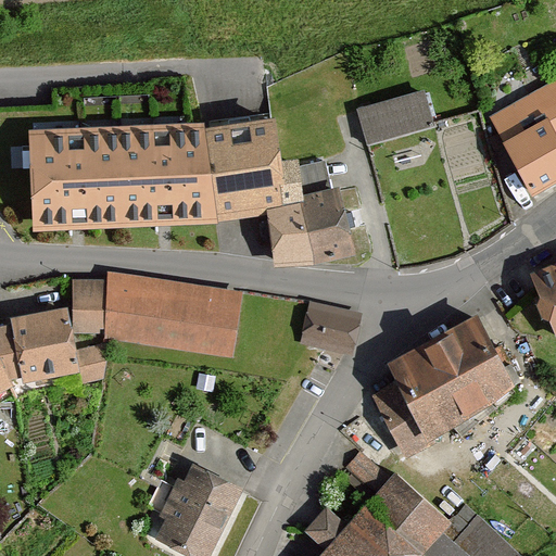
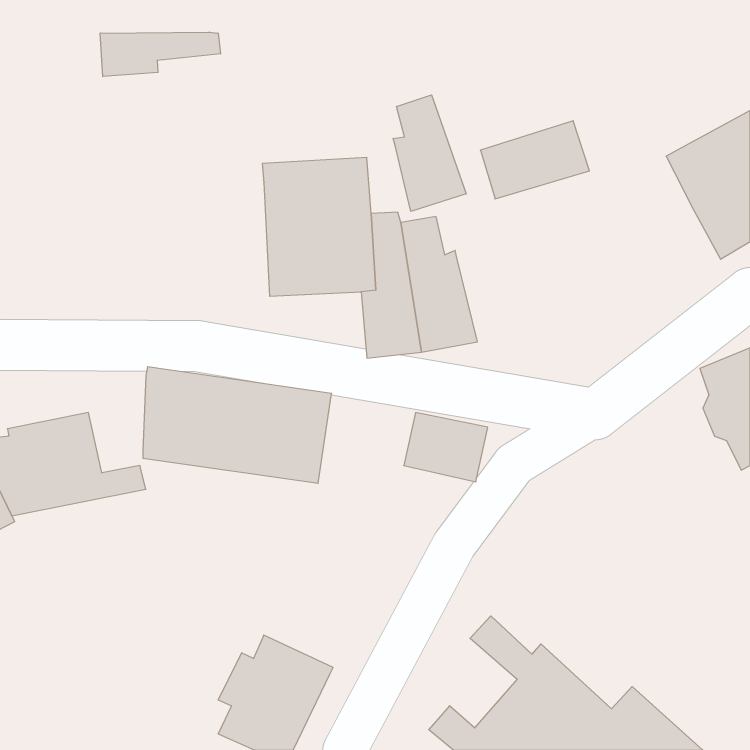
building: none -> [100,32,220,77]
building: none -> [393,95,466,211]
building: [25,135,199,229] -> none
building: [74,277,108,332] -> none
building: [370,317,515,459] -> none

